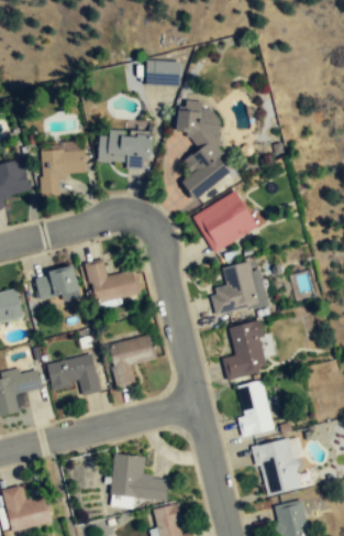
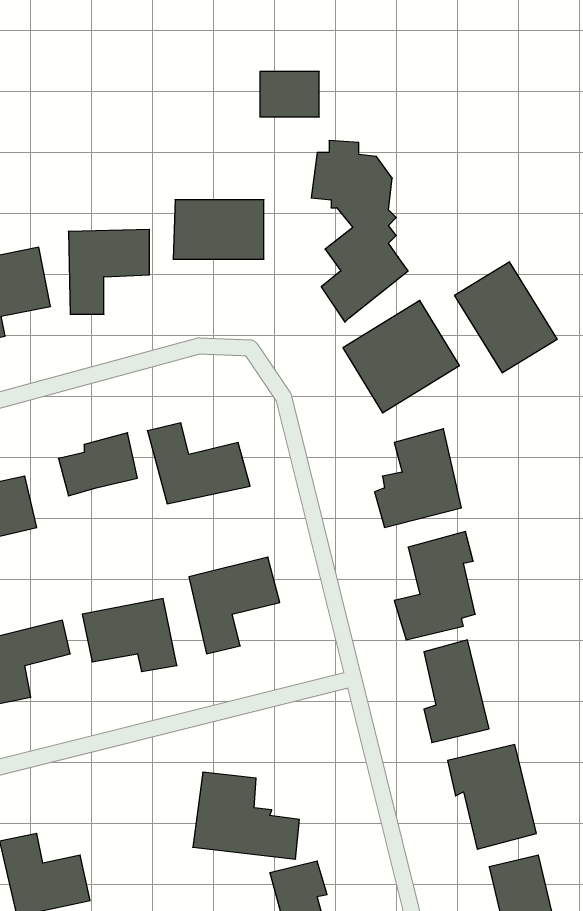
building: none -> [455,262,557,373]

